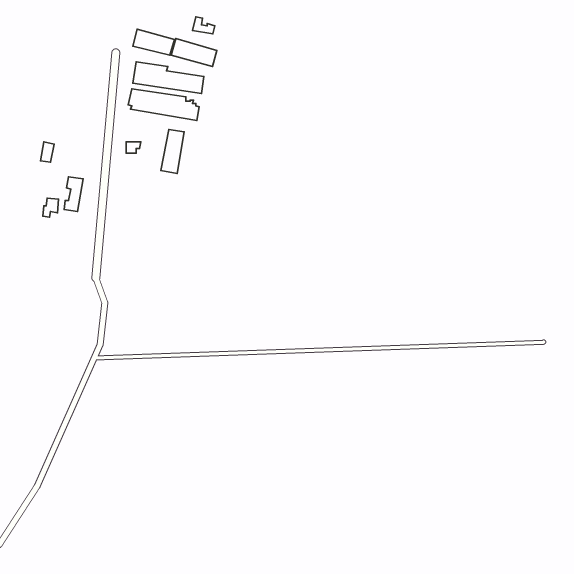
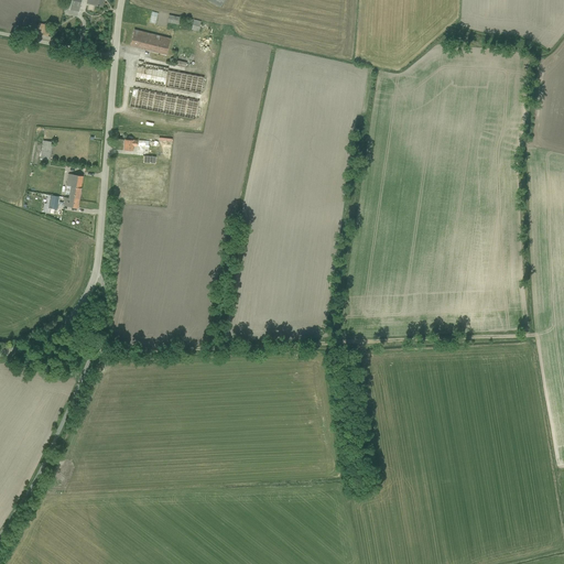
building: [171,38,217,67] -> none
building: [161,130,184,174] -> none

